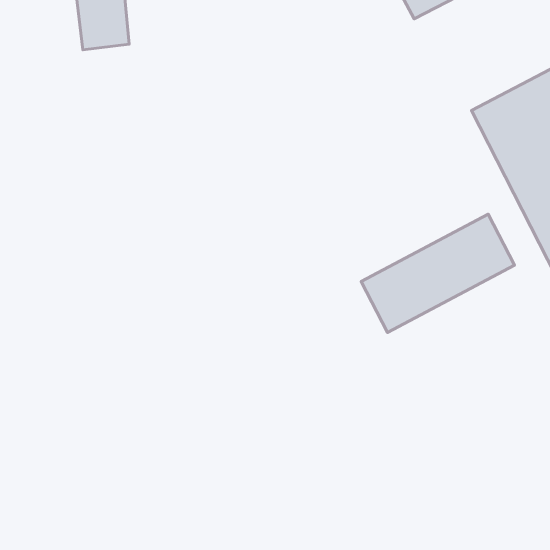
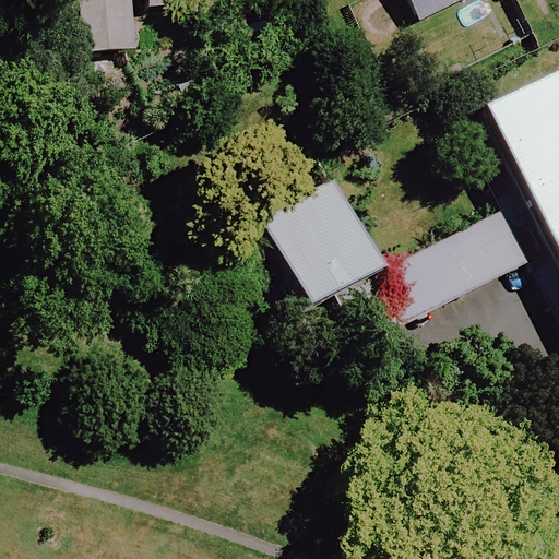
building: none -> [266,180,385,306]

